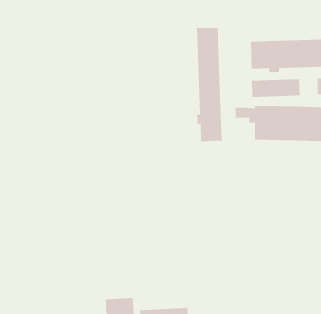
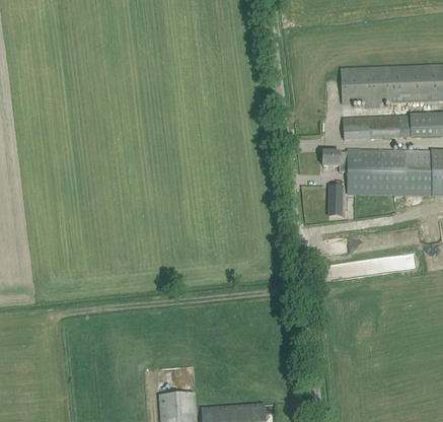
building: [196,27,222,142] -> none
building: none -> [404,115,426,137]
building: none -> [328,185,343,215]

